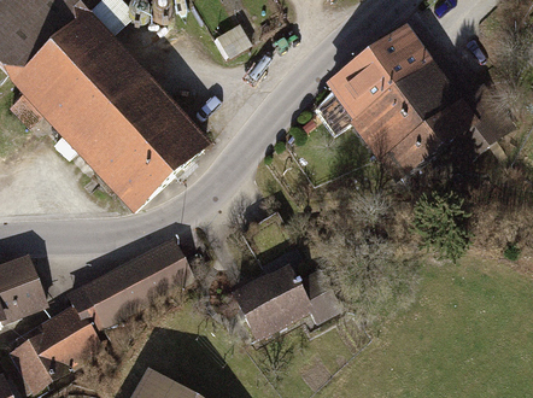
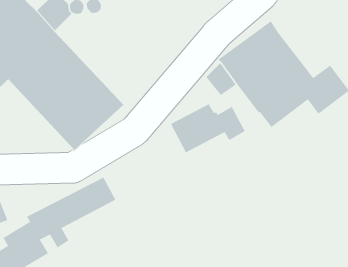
building: [235,267,338,334] -> [170,104,246,153]

